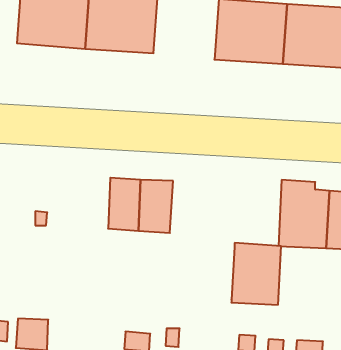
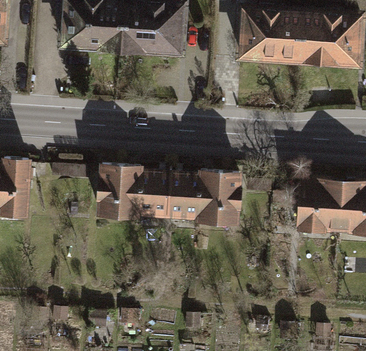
building: none -> [93,162,141,219]
building: [231,243,281,305] -> [195,168,241,225]

